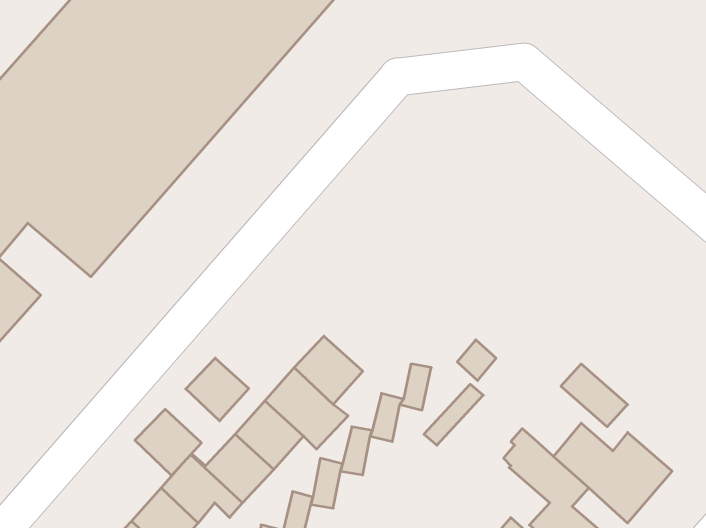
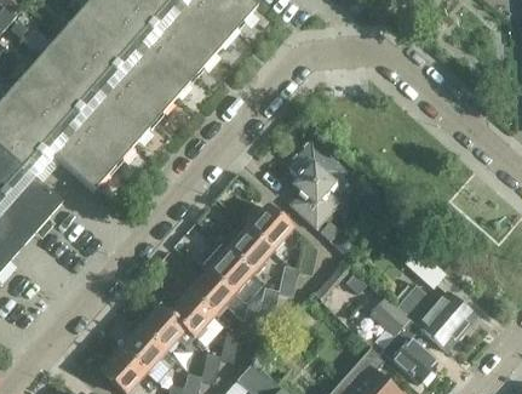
building: none -> [286,138,340,229]
building: none -> [247,206,293,252]
building: [186,358,249,421] -> none
building: [135,409,201,476] -> none

